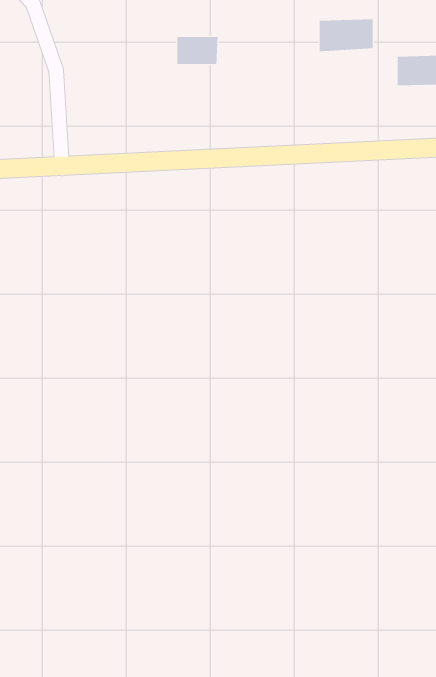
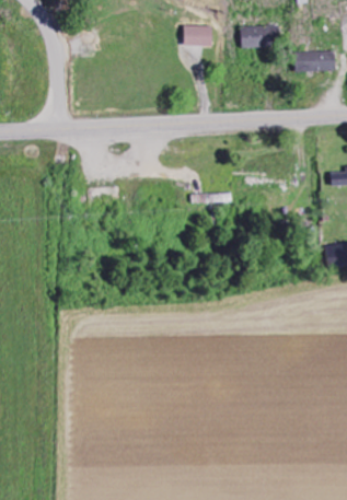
building: [177,37,219,65] -> [184,25,213,45]

